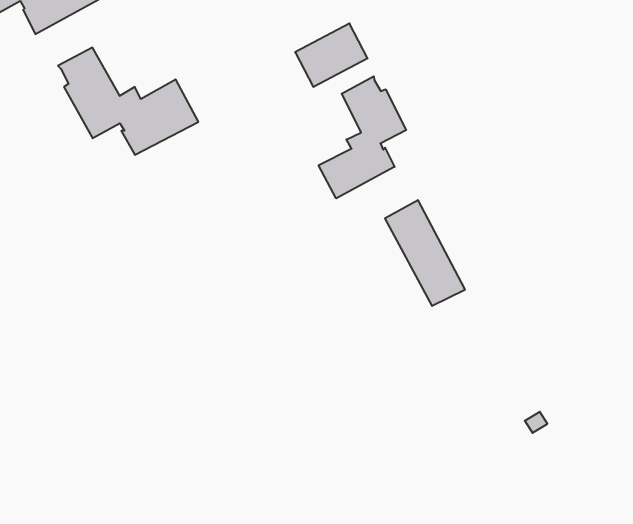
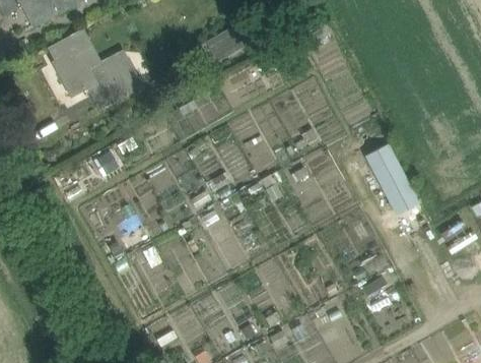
building: [319,76,406,198] -> none
building: [385,200,465,306] -> [365,142,419,214]

